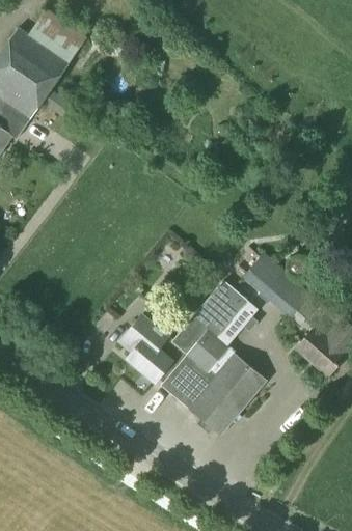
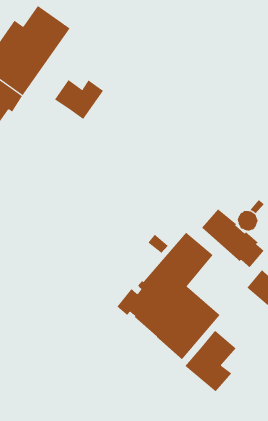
building: none -> [54,79,104,120]
building: [119,315,167,371] -> none
building: none -> [185,330,237,392]

